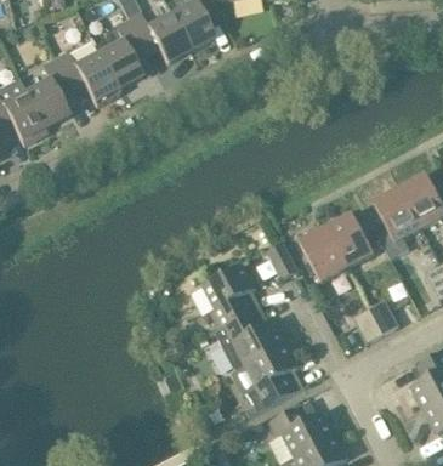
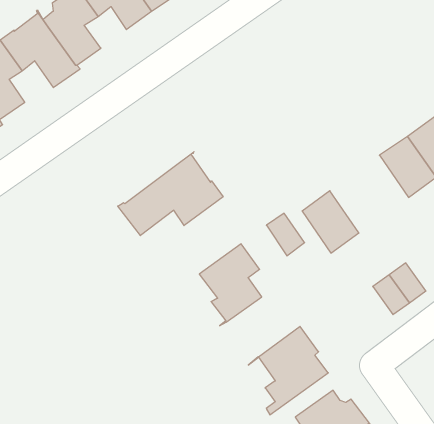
building: none -> [118,152,223,236]
building: [325,214,373,268] -> none
building: [214,313,284,371] -> none

